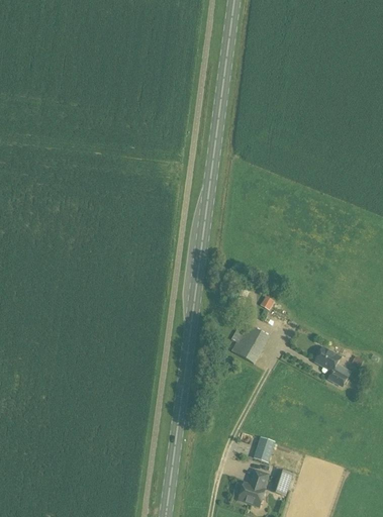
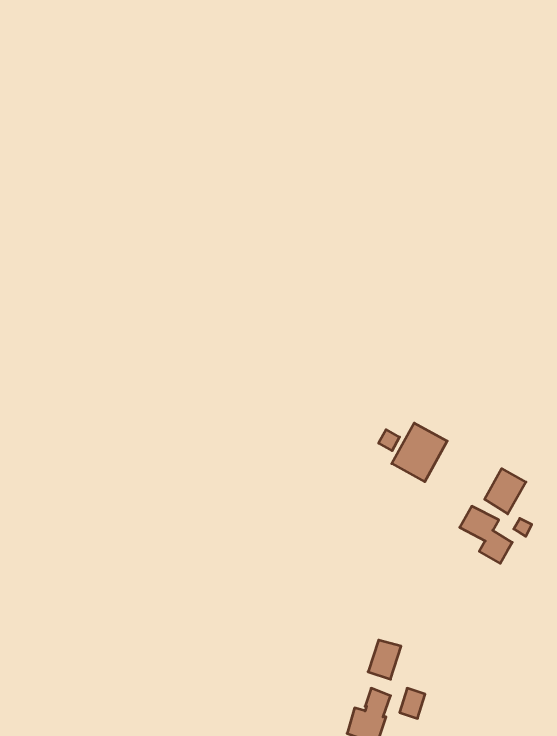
building: none -> [485,469,526,514]
building: [230,323,268,363] -> [392,423,447,482]

